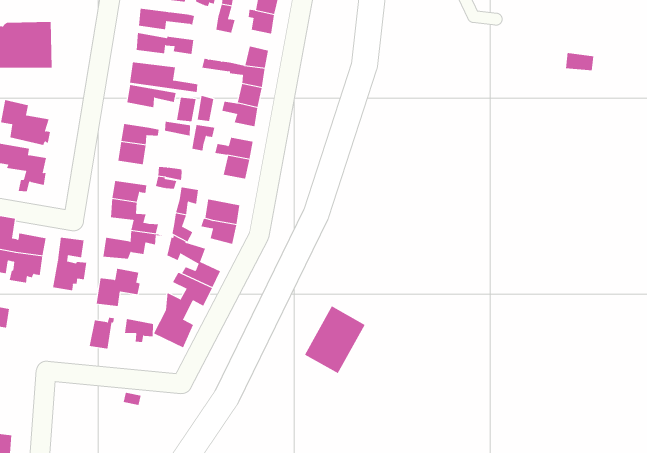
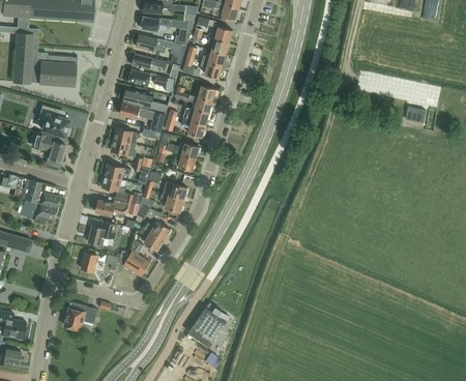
building: [53,237,87,291] -> none
building: [304,306,366,374] -> [188,302,230,347]
building: none -> [64,302,97,330]

